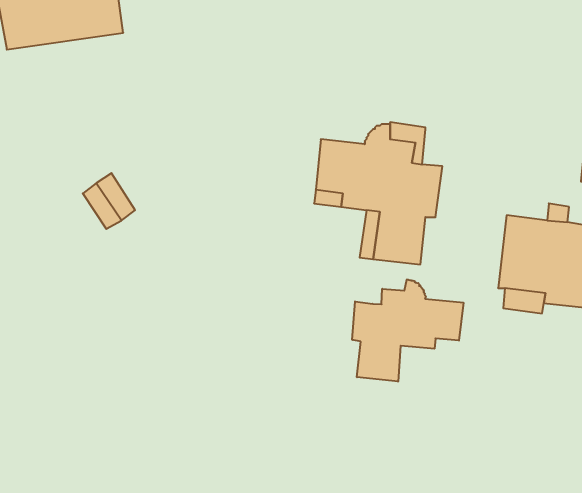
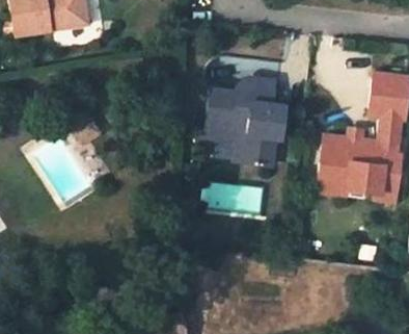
building: [352,279,463,382] -> none

